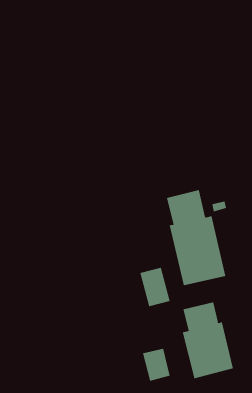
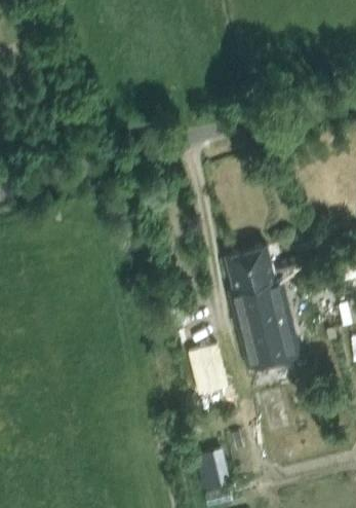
building: [182,302,234,379] -> none

